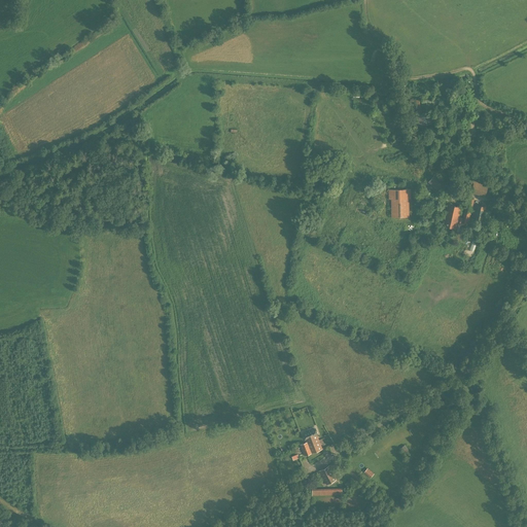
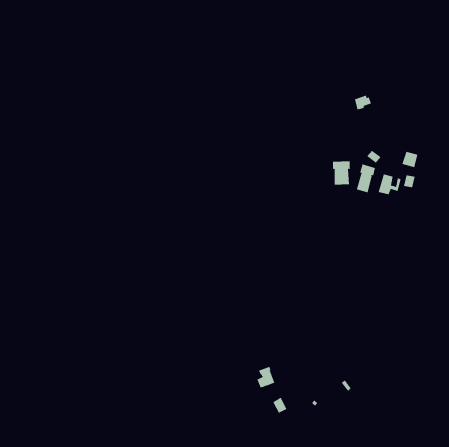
building: none -> [356,163,376,193]

